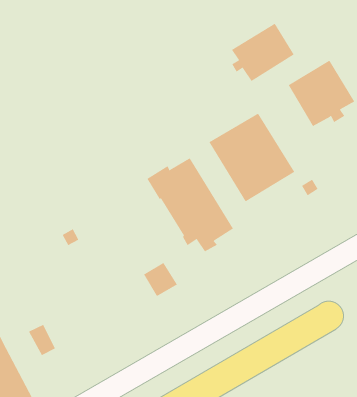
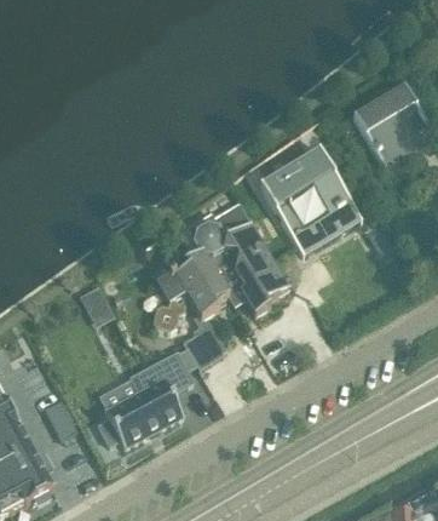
building: [231,23,294,82] -> none
building: none -> [151,250,227,330]
building: none -> [98,351,191,447]

